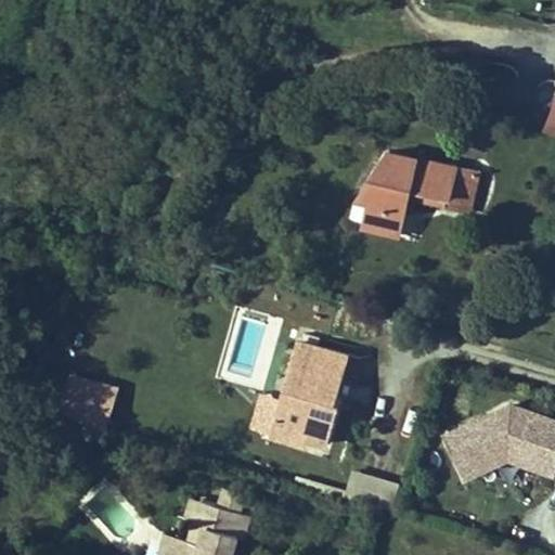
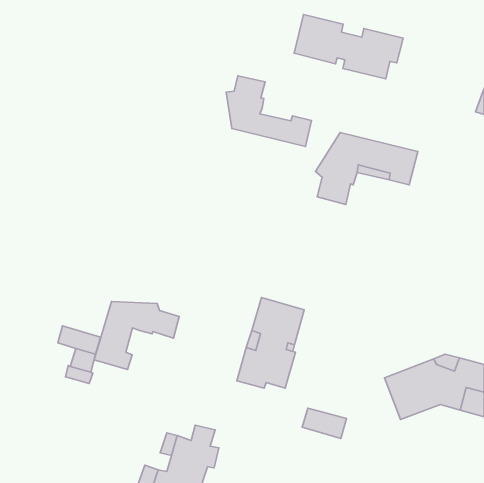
building: none -> [294,14,403,79]
building: none -> [226,76,311,146]
building: none -> [94,302,179,370]

